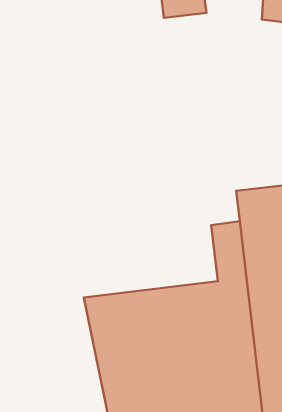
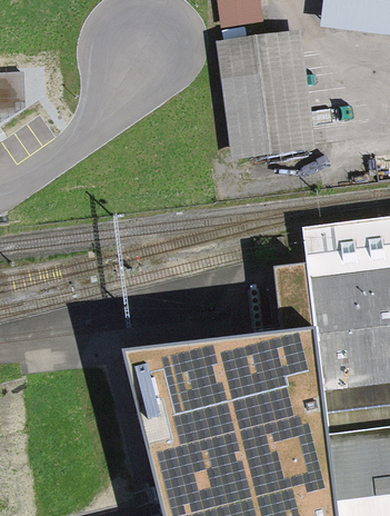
building: none -> [229,38,323,159]

